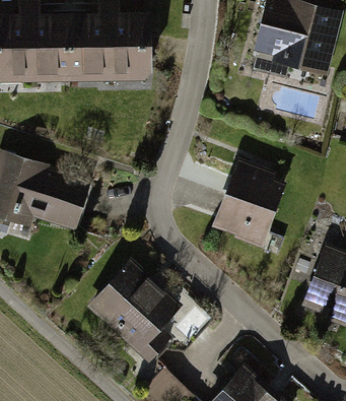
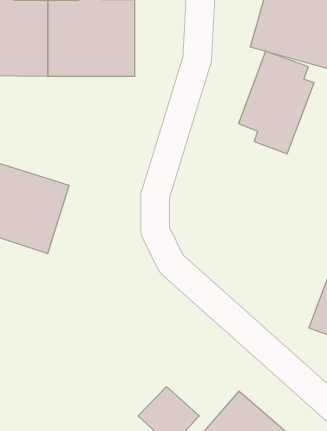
building: [217,154,285,247] -> [238,51,314,154]
building: [87,260,184,363] -> none

